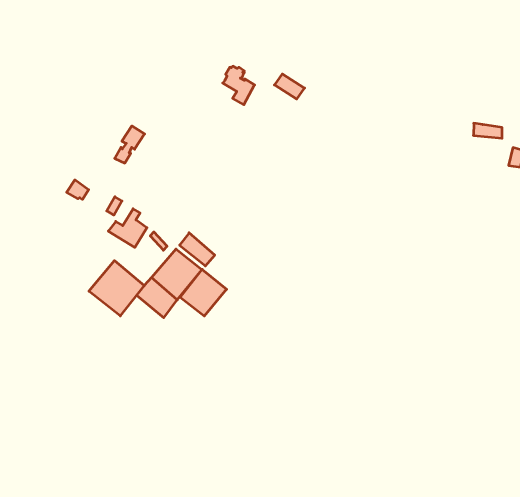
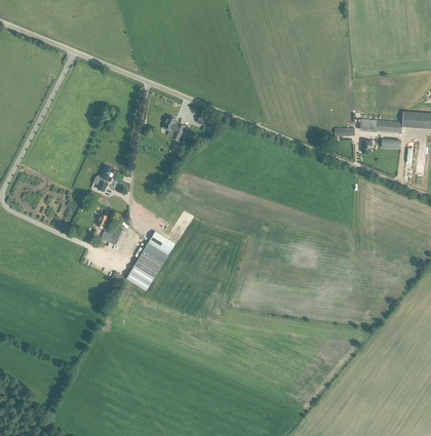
building: [89,261,144,316] -> none
building: [180,269,227,316] -> none

